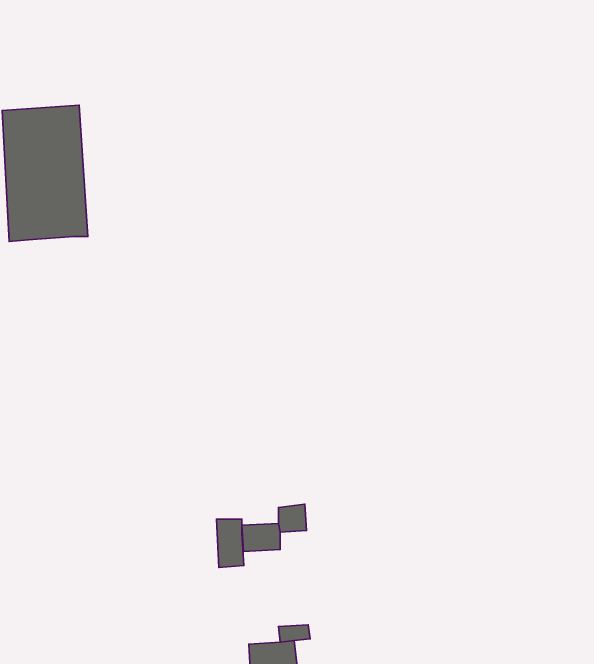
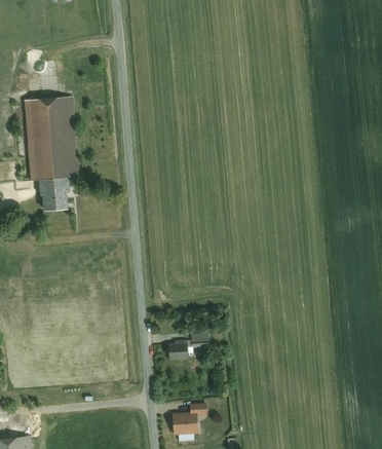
building: none -> [42,175,71,210]
building: [217,519,244,567] -> none

